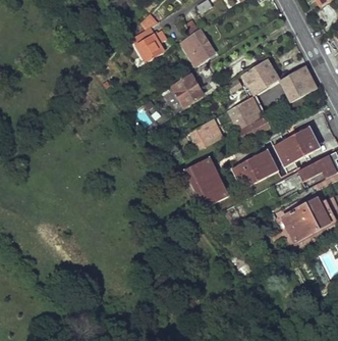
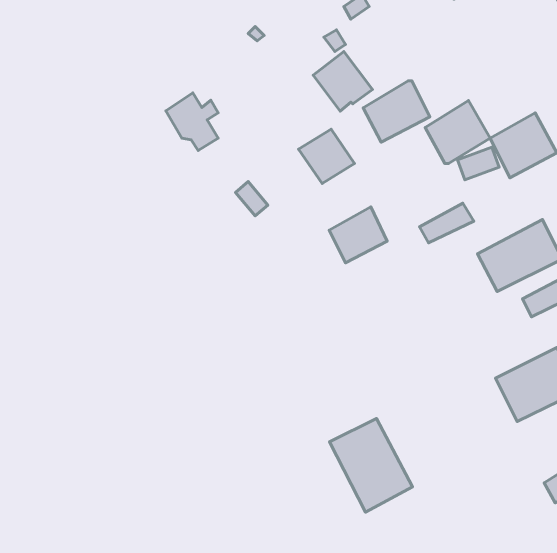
building: [130,29,160,61] -> [166,93,218,151]
building: [228,95,266,130] -> [363,81,430,142]
building: [230,151,277,190] -> none
building: [182,157,229,210] -> [330,418,413,512]

